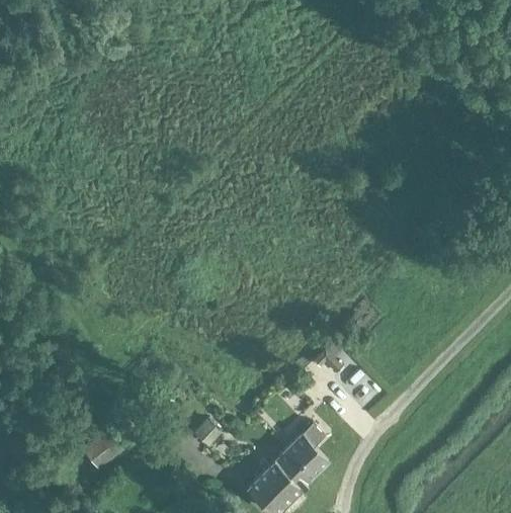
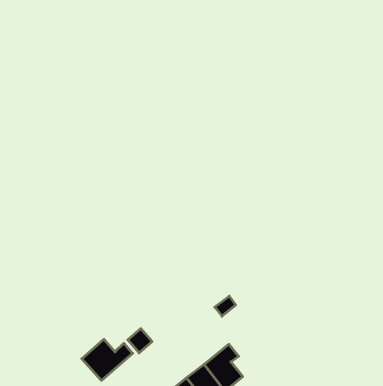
building: [83,432,122,469] -> none
building: none -> [82,339,133,380]

